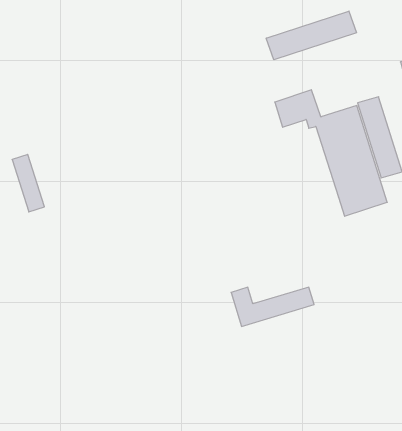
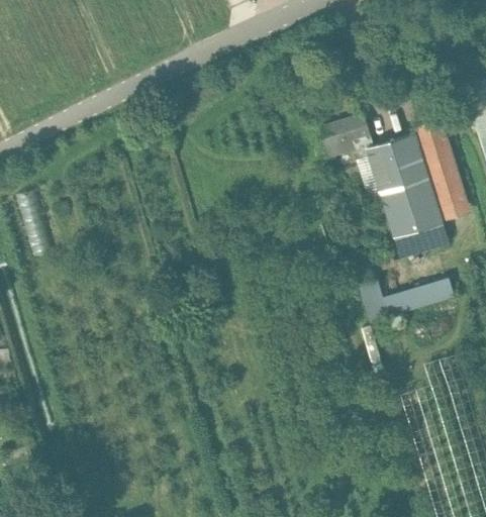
building: [266,11,357,60] -> none
building: [231,287,314,326] -> [358,278,454,323]

